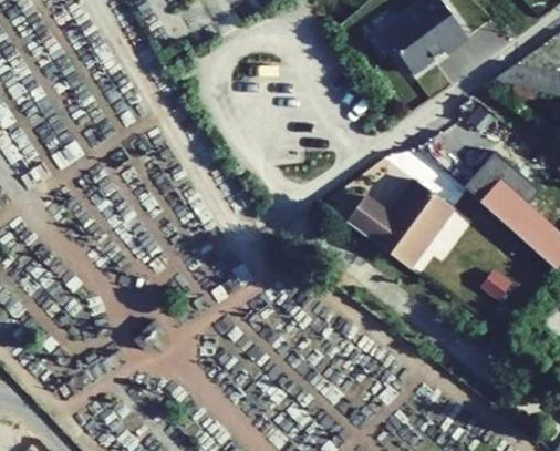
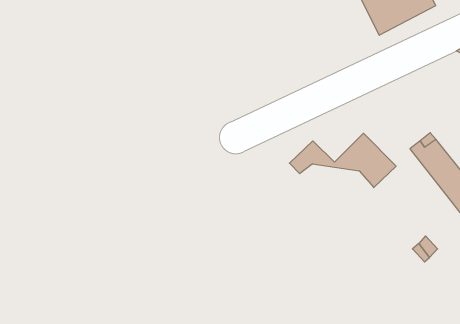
building: [359,218,436,269] -> none

